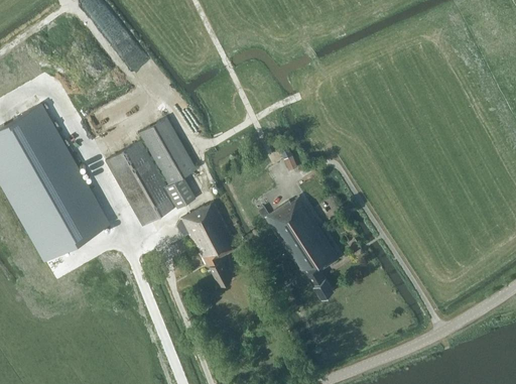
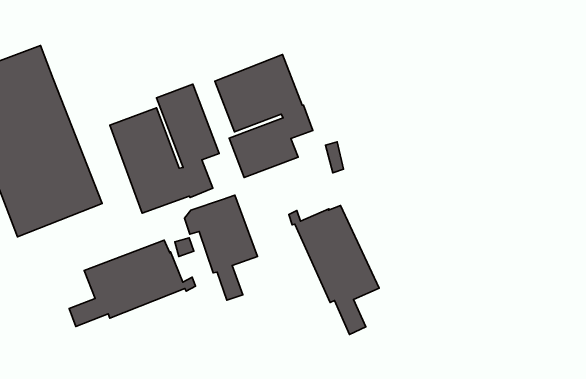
building: none -> [215,55,313,178]
building: none -> [69,240,195,326]

